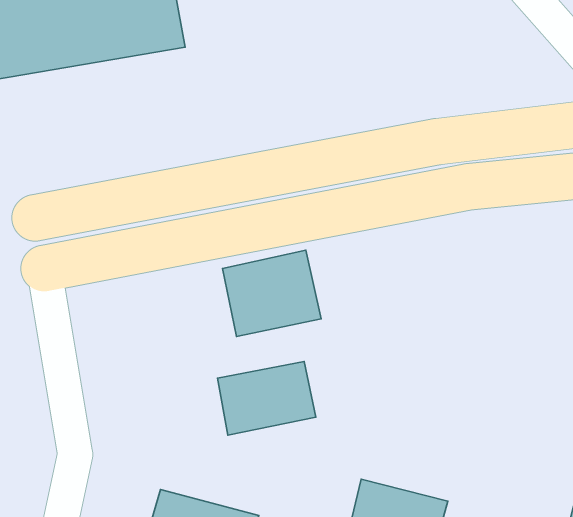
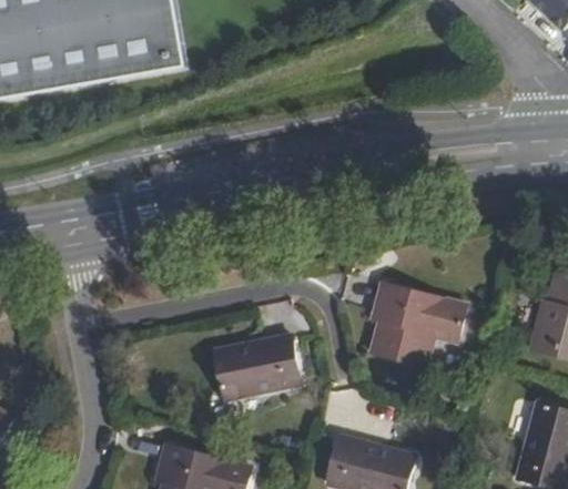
building: [223,250,321,336] -> none
building: none -> [371,284,465,366]

